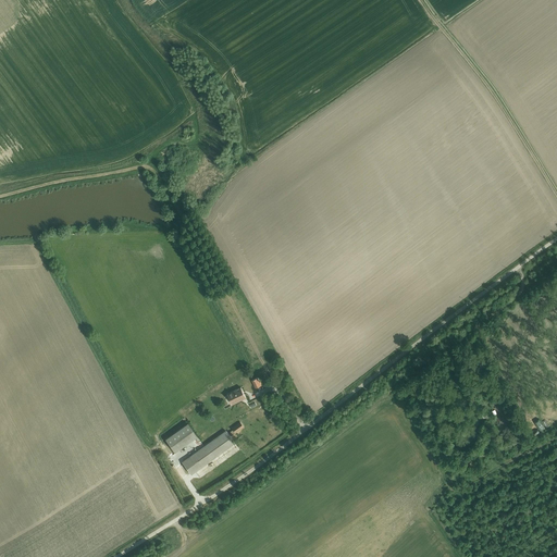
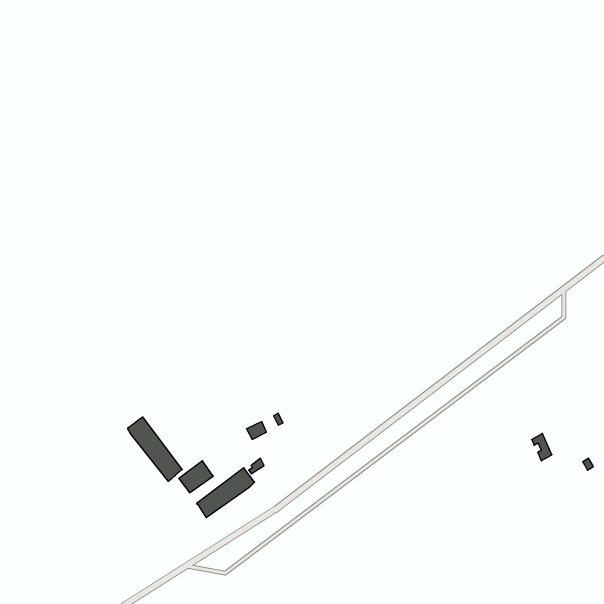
building: none -> [128,417,182,481]

